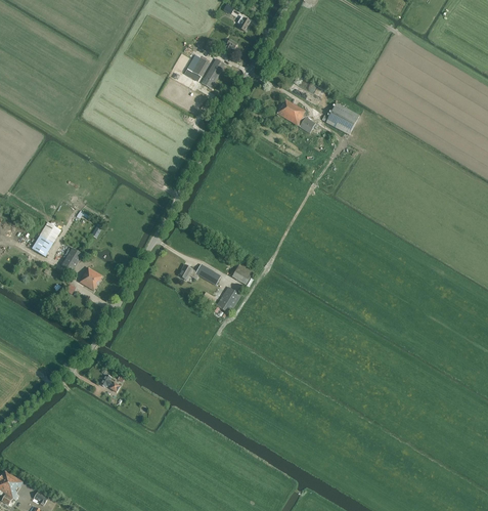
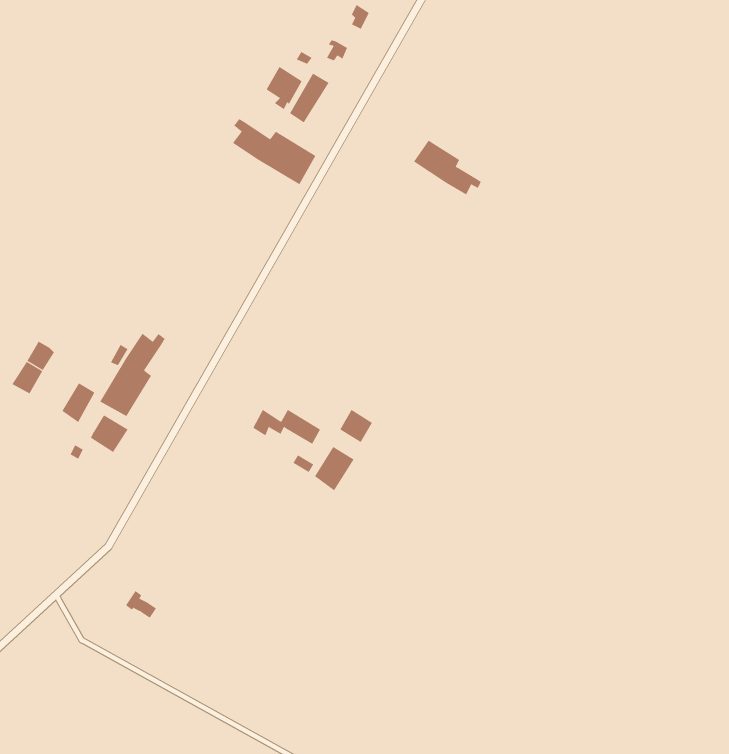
building: none -> [232,118,316,185]
building: [321,102,359,134] -> none
building: none -> [99,333,165,417]

